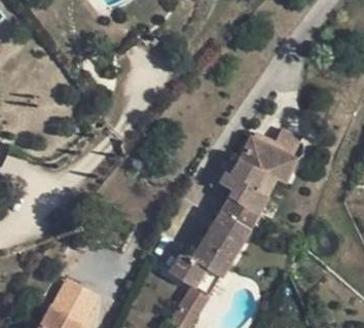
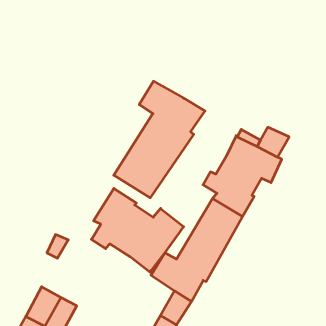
building: none -> [114,81,205,198]
building: none -> [91,188,184,272]

